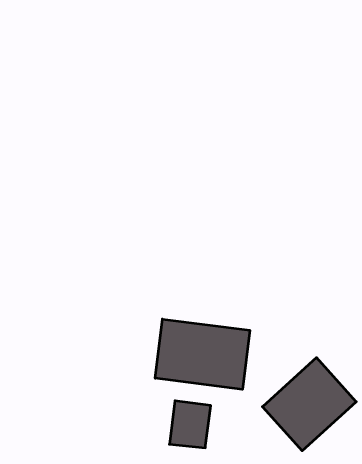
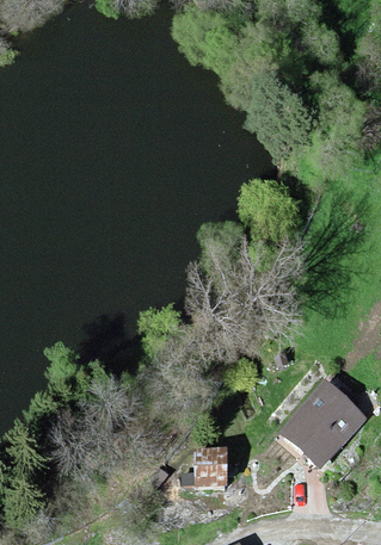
building: [155,319,250,389] -> none

